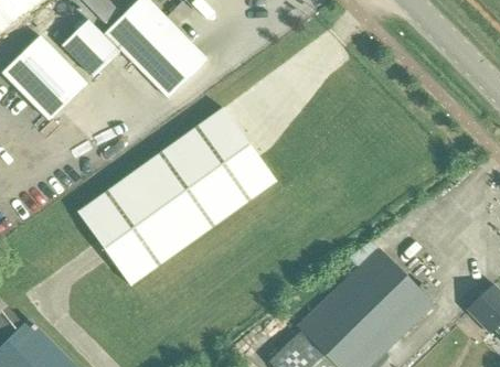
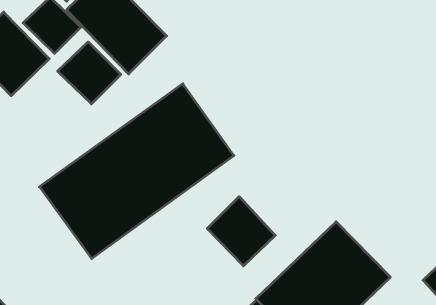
building: none -> [58,42,121,104]
building: none -> [207,197,275,266]

